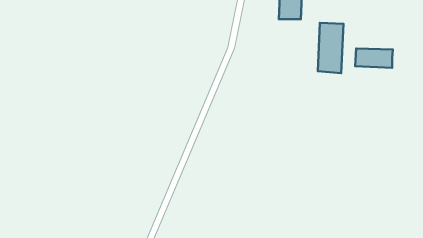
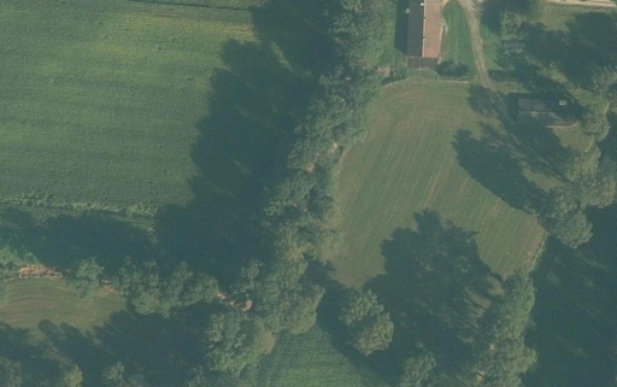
building: [318,23,343,73] -> none

